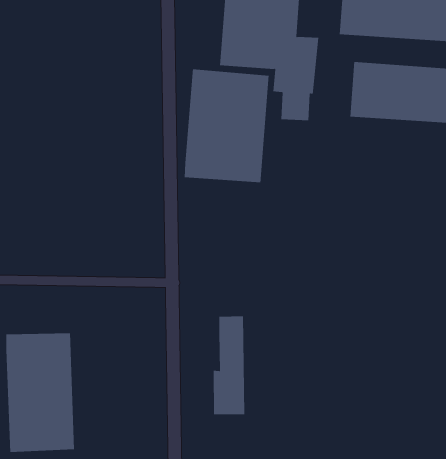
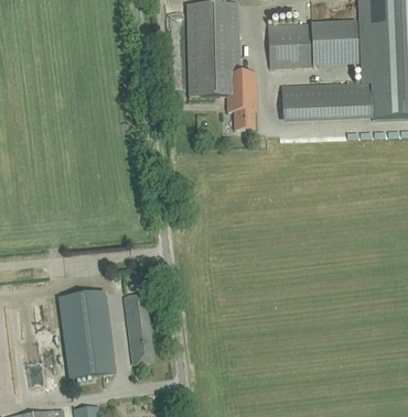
building: [184,69,269,183] -> none
building: [213,316,245,415] -> [128,293,153,363]

